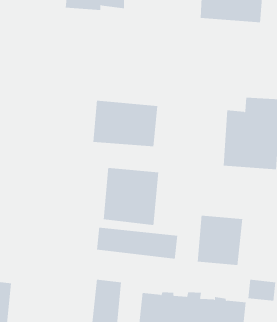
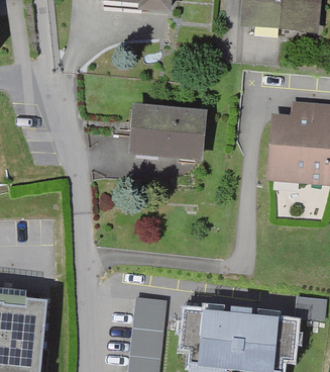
building: [103,167,159,226] -> none
building: [197,215,243,266] -> none
building: [96,227,178,259] -> none

